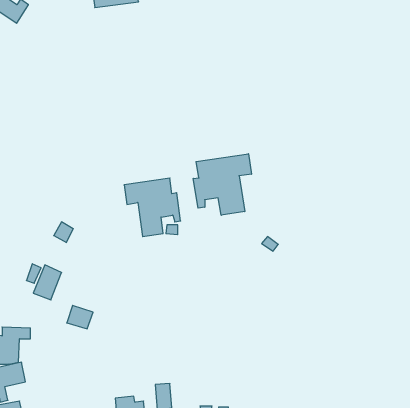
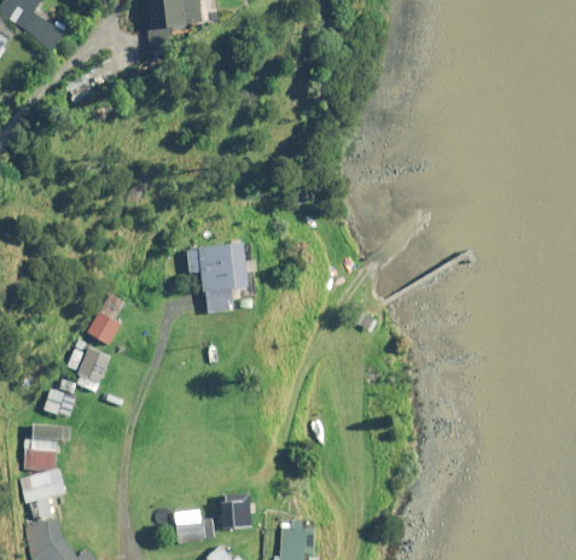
building: [193,154,251,215] -> none
building: none -> [87,311,120,343]
building: [67,305,93,329] -> [43,387,76,416]

